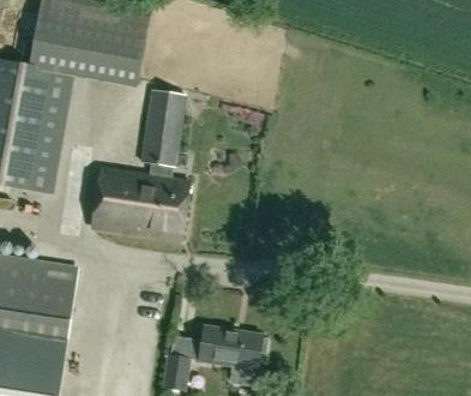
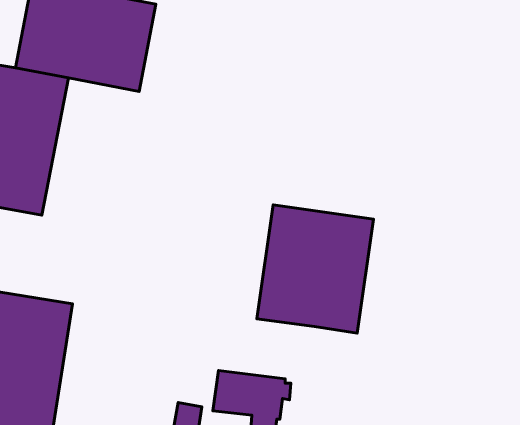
building: [91,90,188,239] -> none
building: none -> [257,205,374,333]

